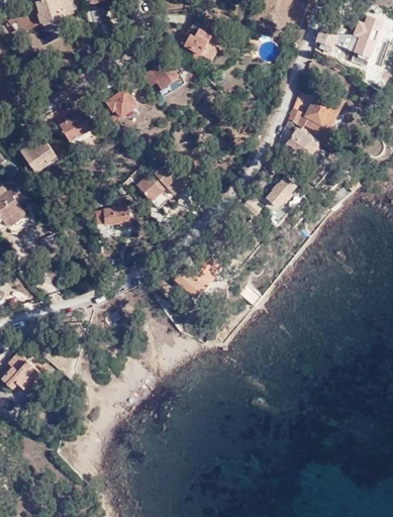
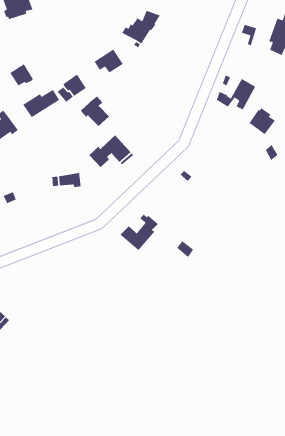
building: none -> [9,63,34,87]
building: none -> [80,96,110,127]
building: [285,128,317,162] -> [248,107,276,135]
building: [268,179,295,207] -> none

